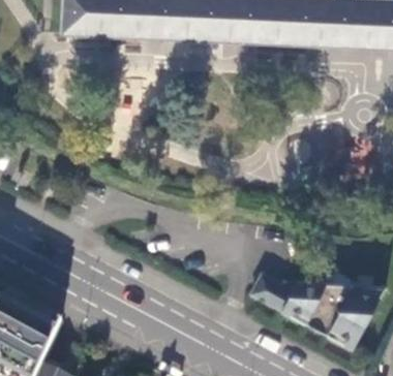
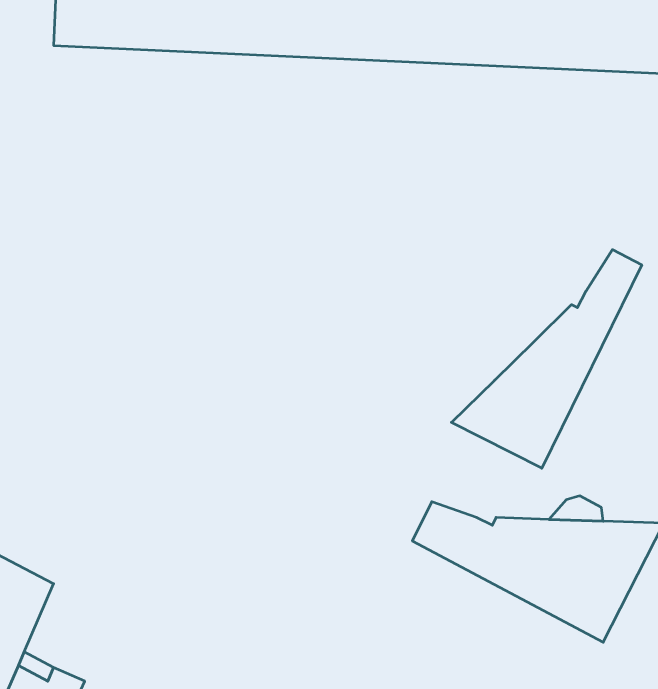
building: none -> [451,250,642,468]

